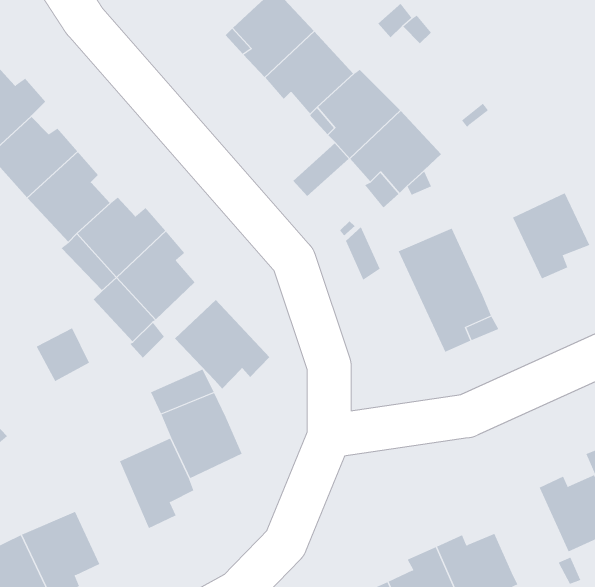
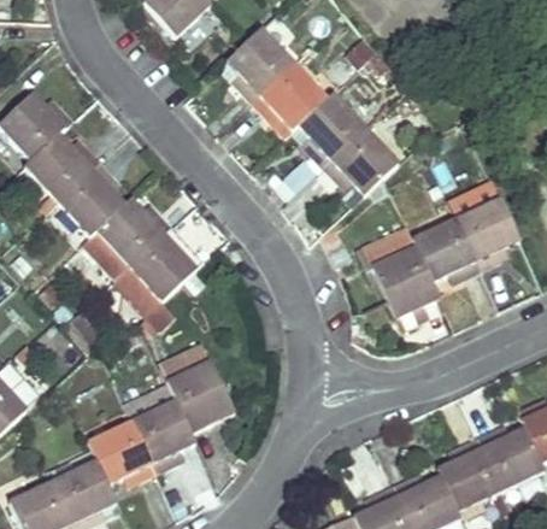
building: none -> [406,201,481,280]
building: [174,299,270,389] -> none
building: none -> [89,416,158,482]
building: none -> [437,437,502,510]

